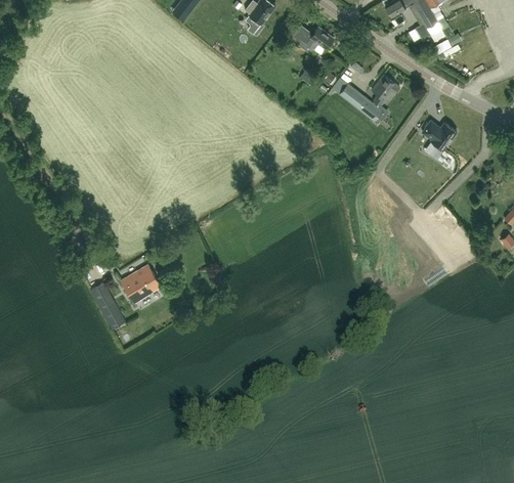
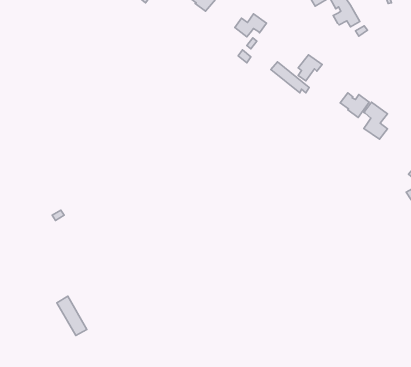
building: none -> [364,102,387,139]
building: [121,264,162,302] -> none
building: [90,281,126,328] -> [57,296,87,336]

